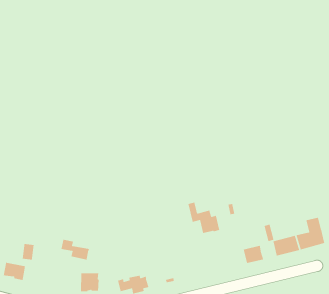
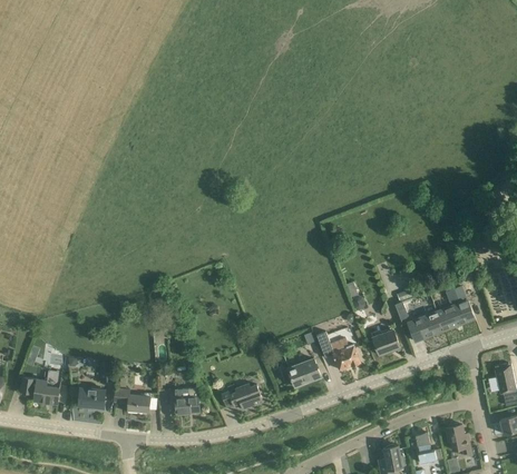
building: [187,202,220,234] -> [315,330,360,369]
building: [61,239,90,261] -> [114,388,150,412]
building: none -> [287,358,320,386]

